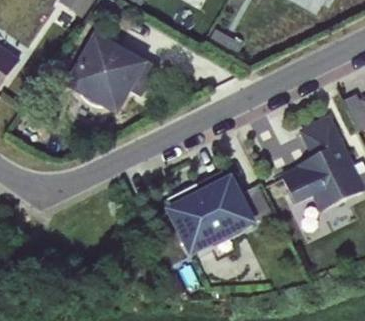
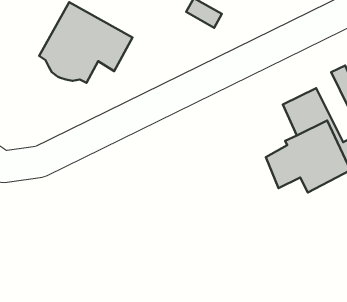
building: [167,170,271,256] -> none

